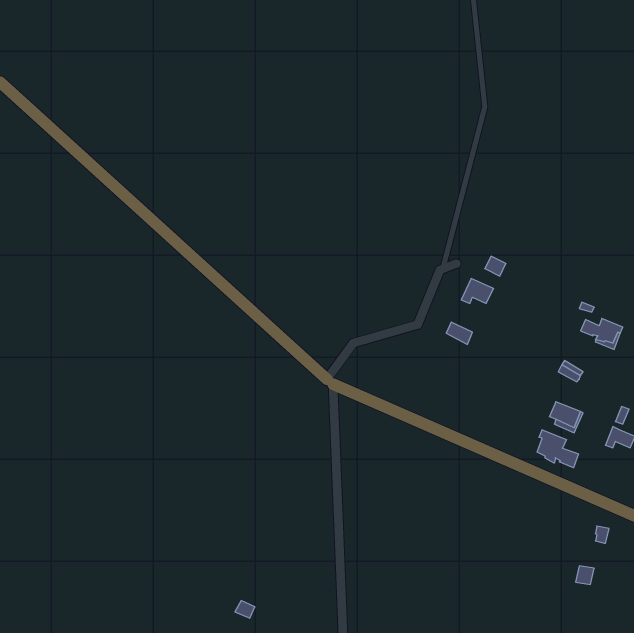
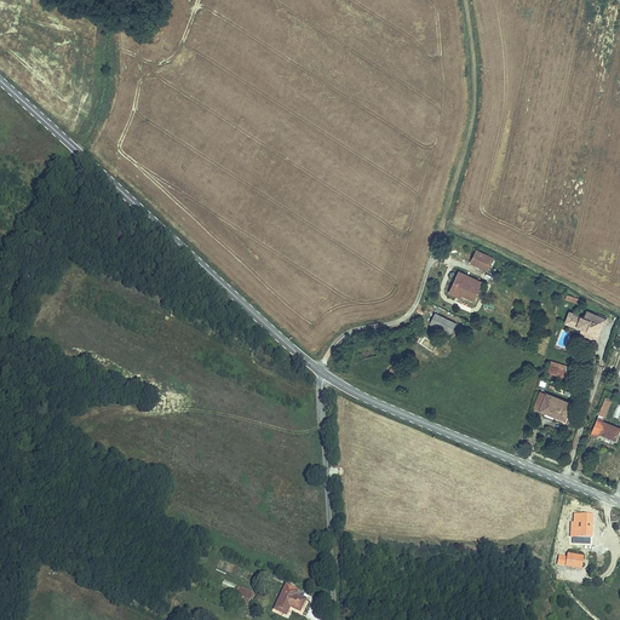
building: [537,430,579,468] -> none
building: none -> [270,580,303,612]

